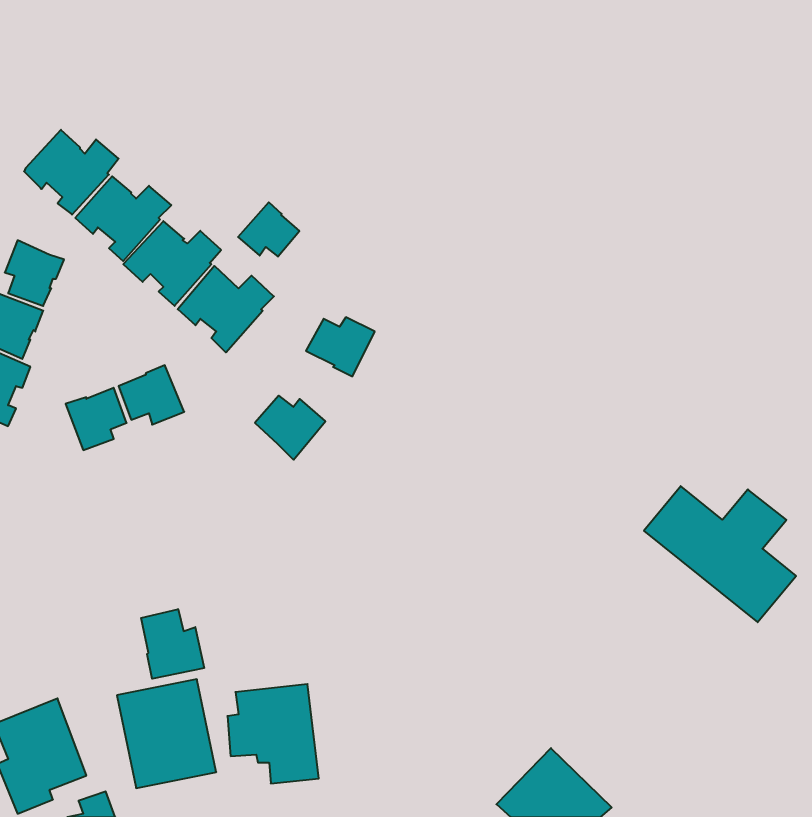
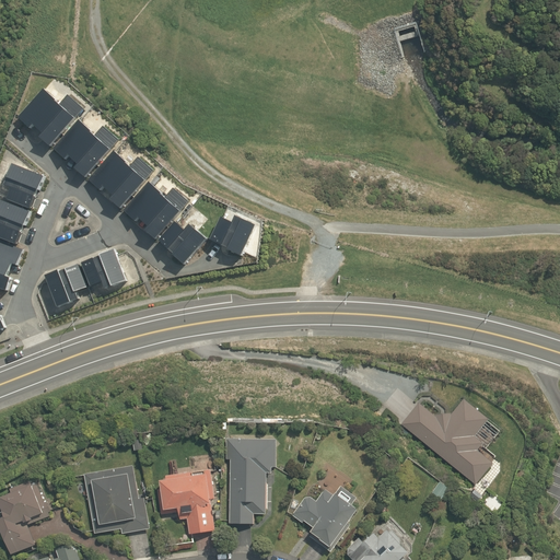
building: [238,202,299,257] -> none
building: [255,396,325,460] -> [158,222,206,266]
building: [644,486,796,622] -> [394,395,498,488]
building: [141,609,204,679] -> none
building: none -> [224,440,276,525]
building: none -> [291,488,363,551]

